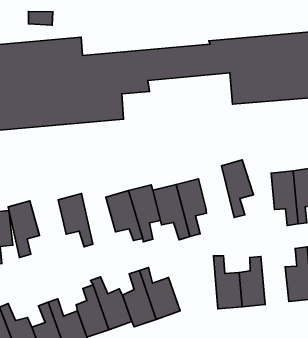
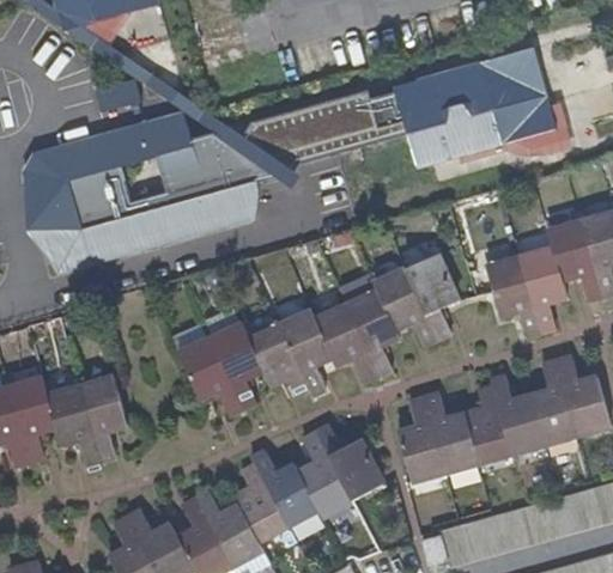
building: none -> [378,264,442,342]
building: [8,201,39,257] -> [217,322,268,406]
building: none -> [487,376,539,455]
building: none -> [395,396,438,480]

